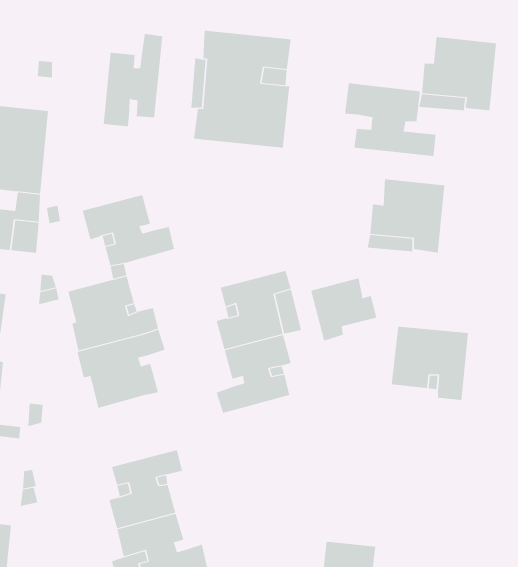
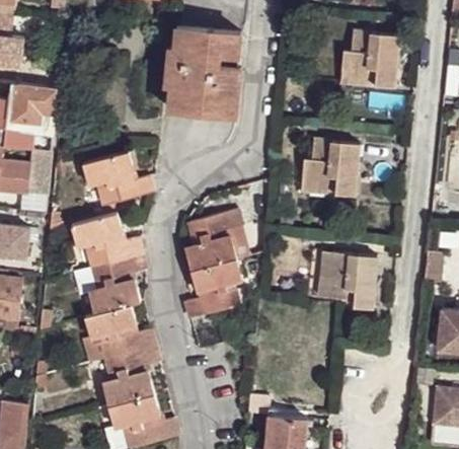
building: [103,33,163,127] -> none
building: [345,83,436,157] -> none
building: [311,277,377,341] -> none
building: none -> [83,304,155,363]

